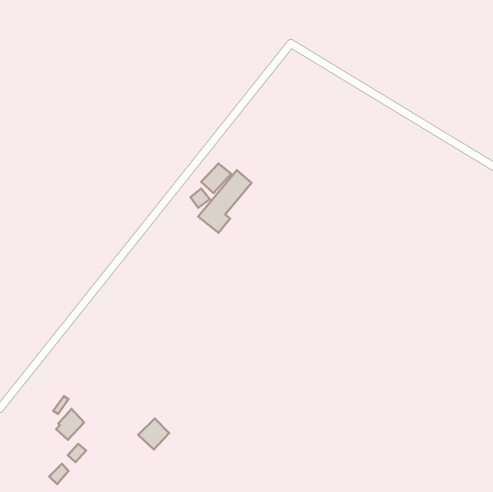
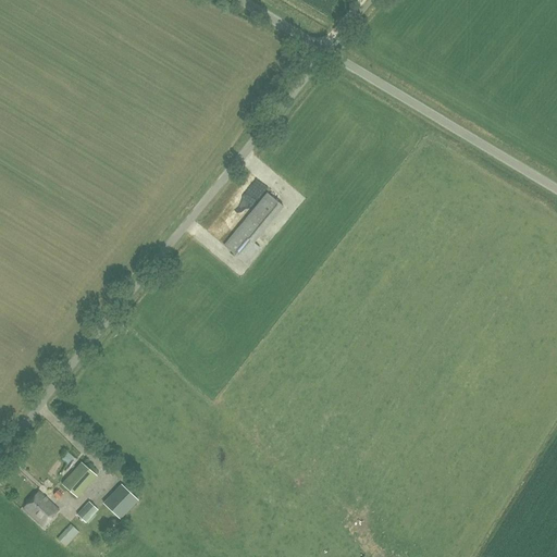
building: [138,419,169,449] -> [102,482,137,517]
building: none -> [23,490,58,524]

